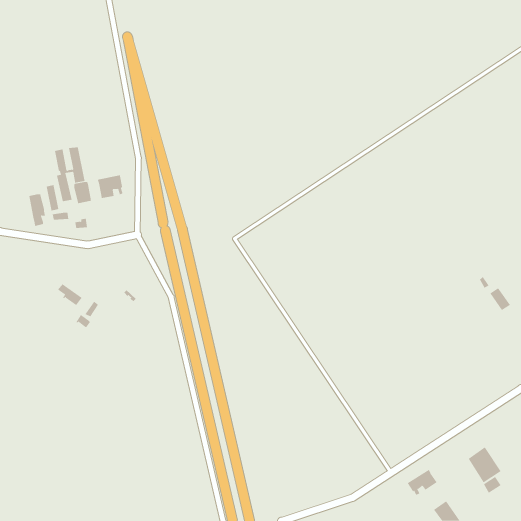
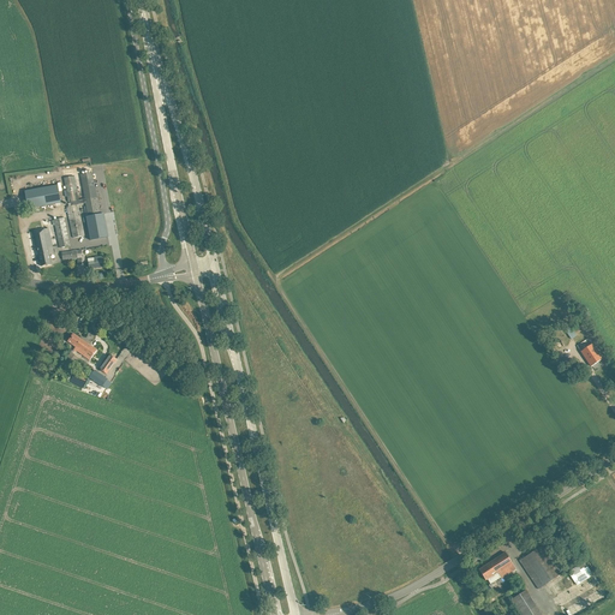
building: none -> [26,185,62,209]
building: [97,174,123,199] -> none
building: [468,447,501,483] -> [520,547,560,590]

